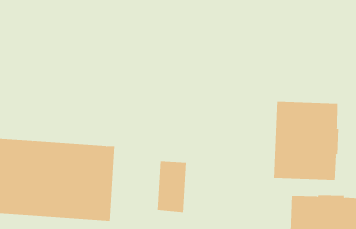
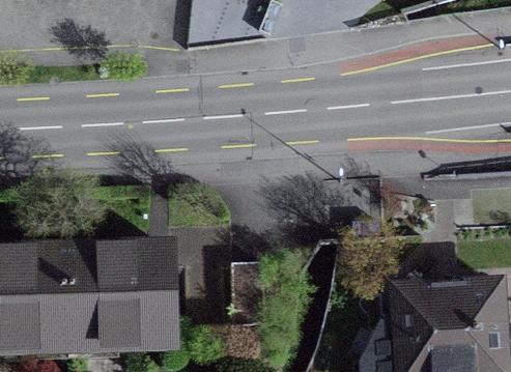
building: [274,101,339,181] -> none

